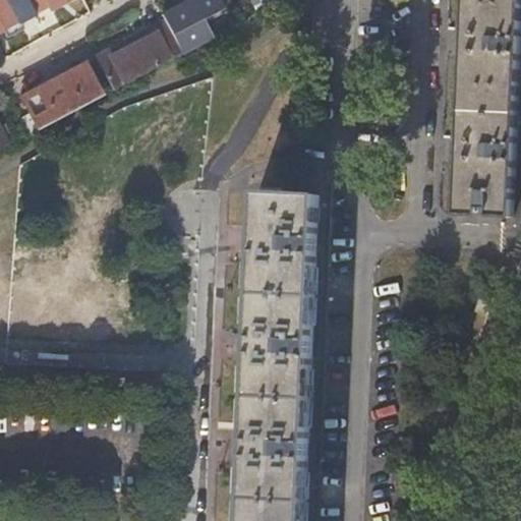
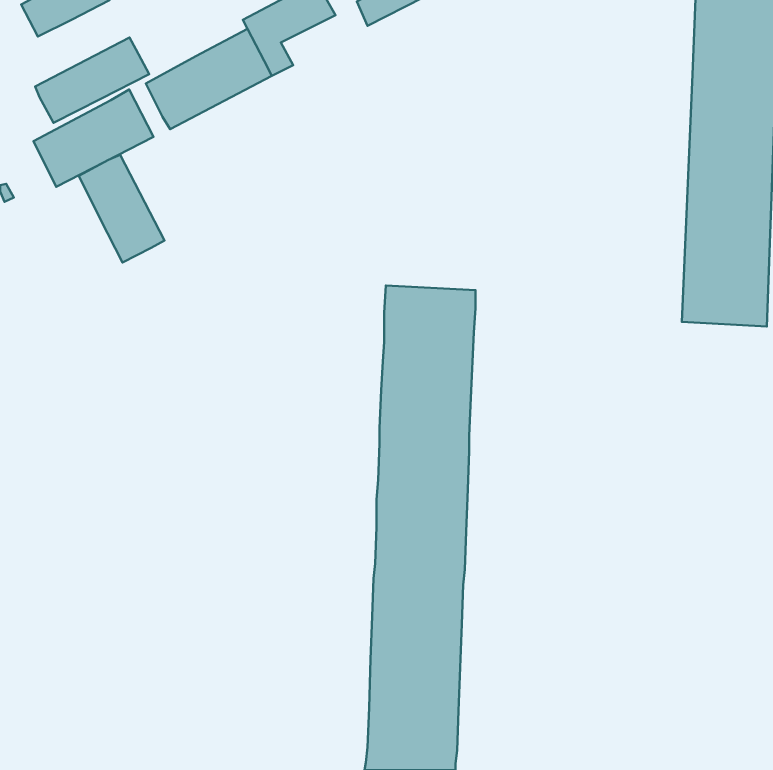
building: none -> [35,37,149,123]
building: none -> [79,155,165,263]

